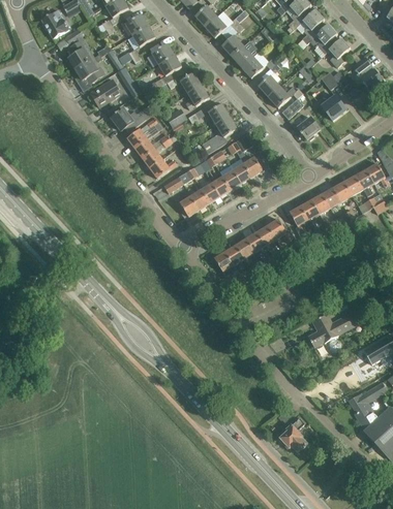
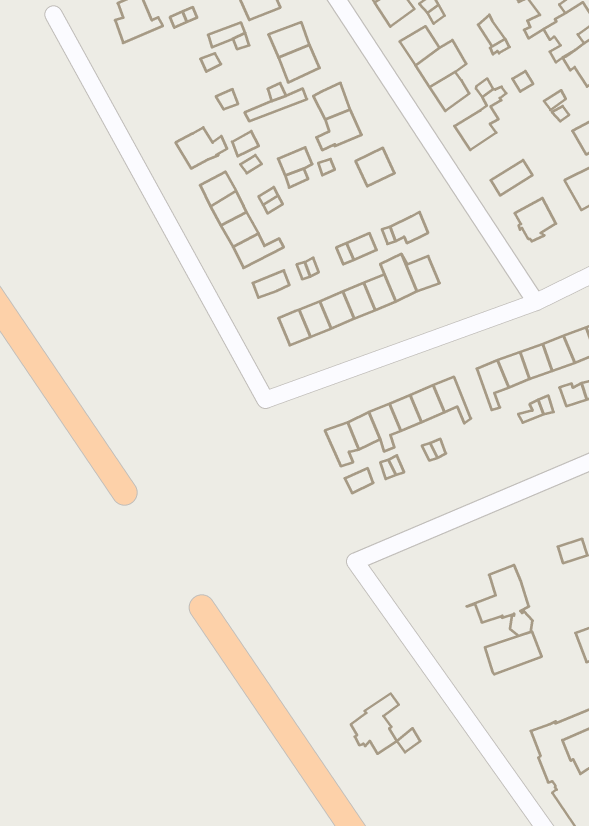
building: [74,56,104,82] -> none
building: [90,77,121,106] -> none
building: [268,83,309,106] -> none
building: [202,115,237,153] -> none
building: [331,309,362,335] -> [485,632,542,674]
building: [280,417,306,450] -> [351,694,399,754]

